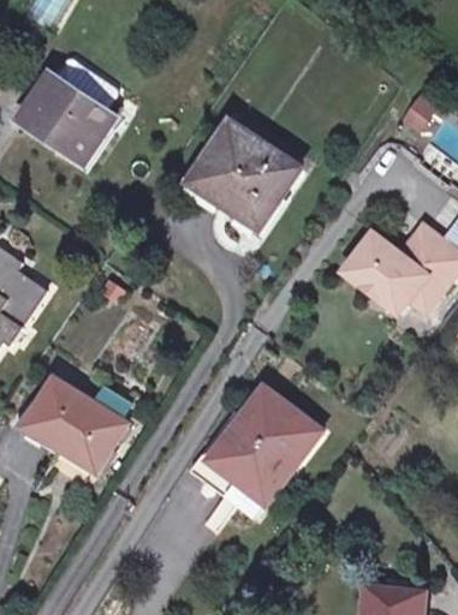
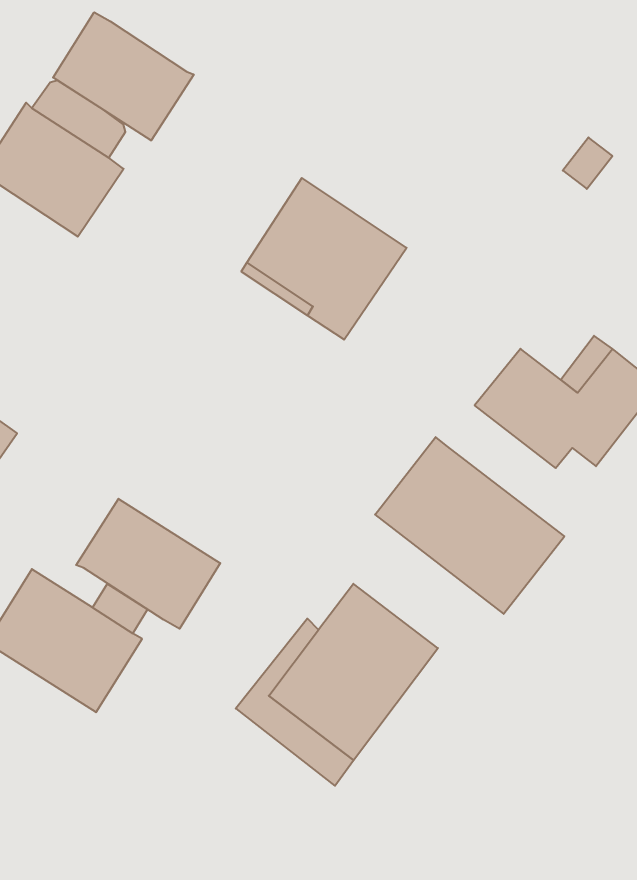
building: none -> [53,12,194,141]
building: none -> [375,437,564,614]
building: none -> [76,499,220,629]

